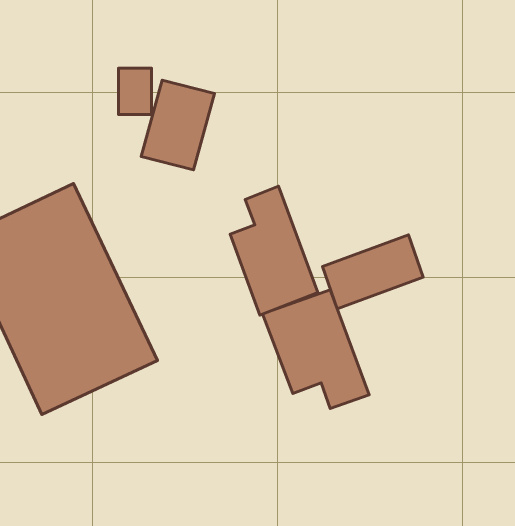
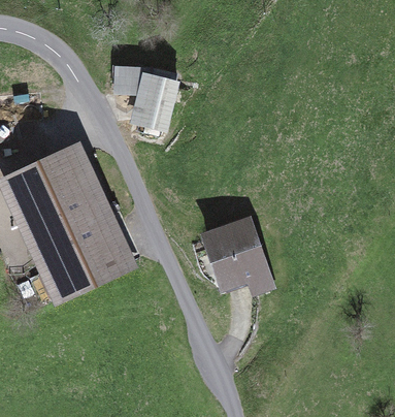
building: [230,186,318,315] -> none
building: [323,235,423,309] -> none

